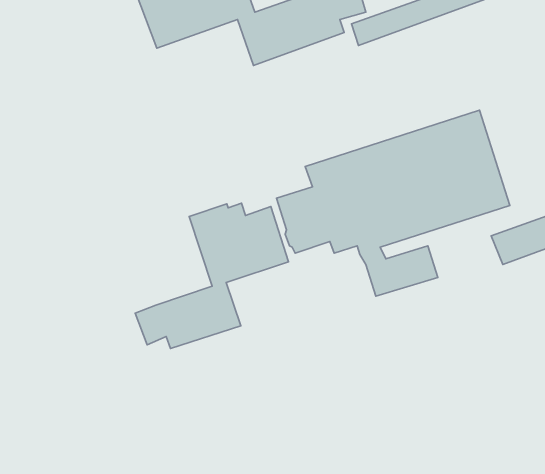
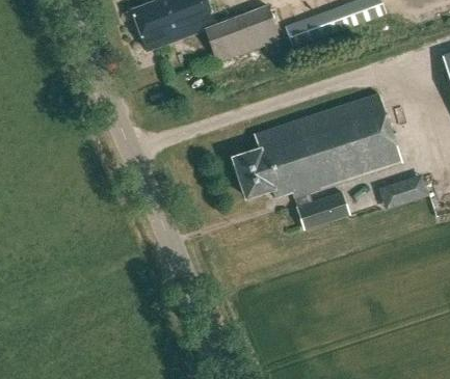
building: [135,203,288,349] -> none

